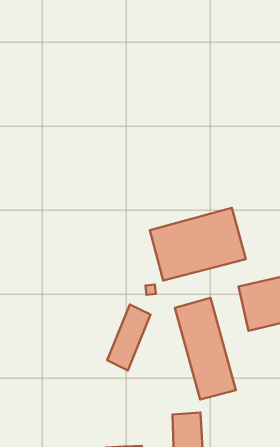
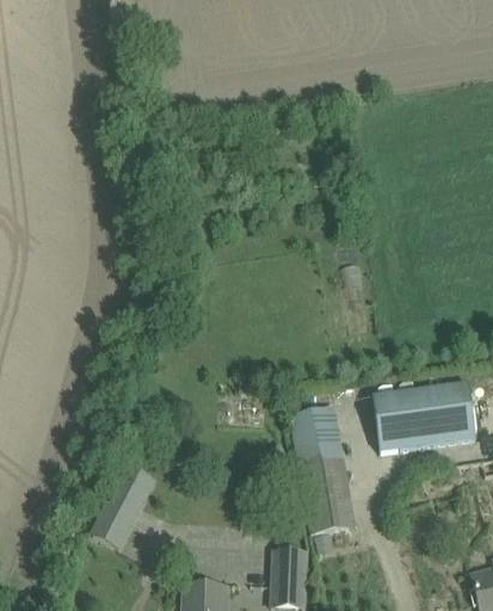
building: [150,208,246,281] -> none
building: [107,304,151,370] -> [92,464,153,548]

